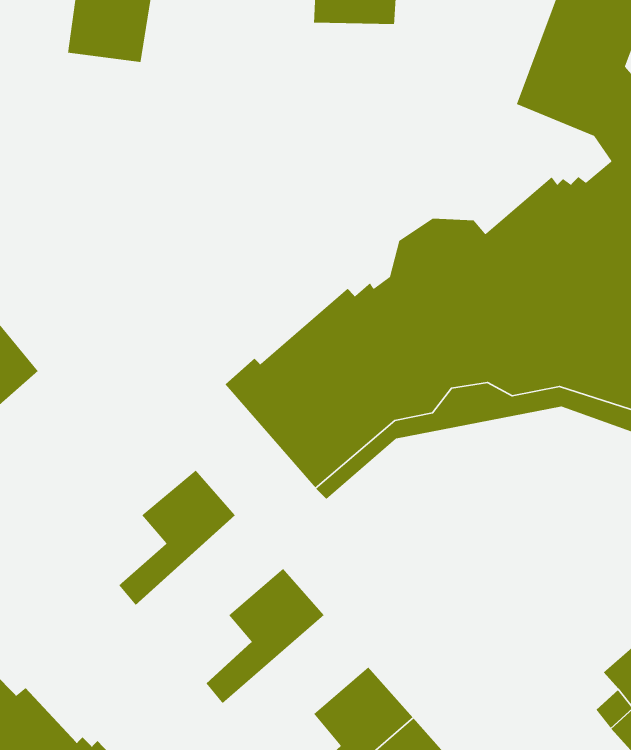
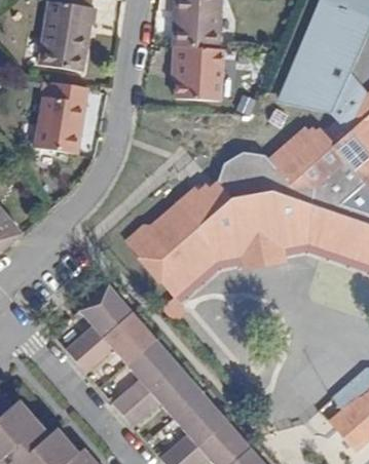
building: none -> [175,45,223,96]
building: none -> [39,82,90,153]
building: none -> [78,312,158,374]
building: none -> [125,366,205,428]

